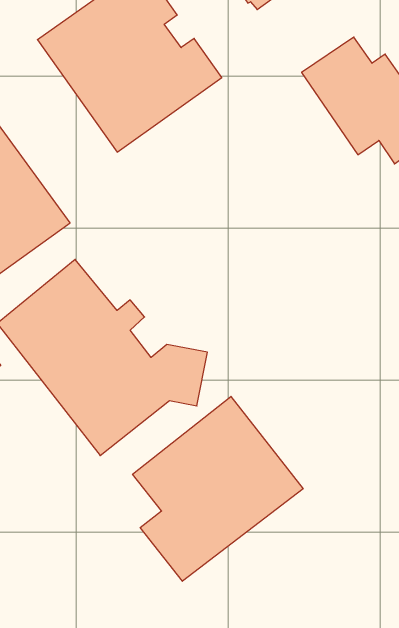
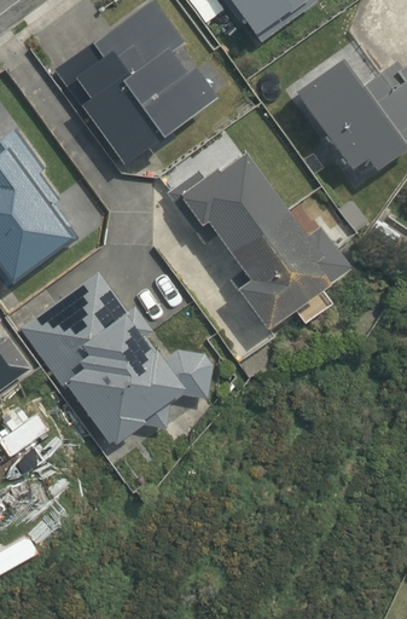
building: none -> [178,147,351,340]
building: [133,396,303,581] -> none

